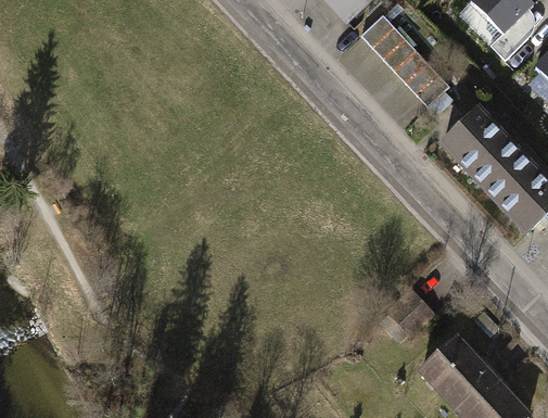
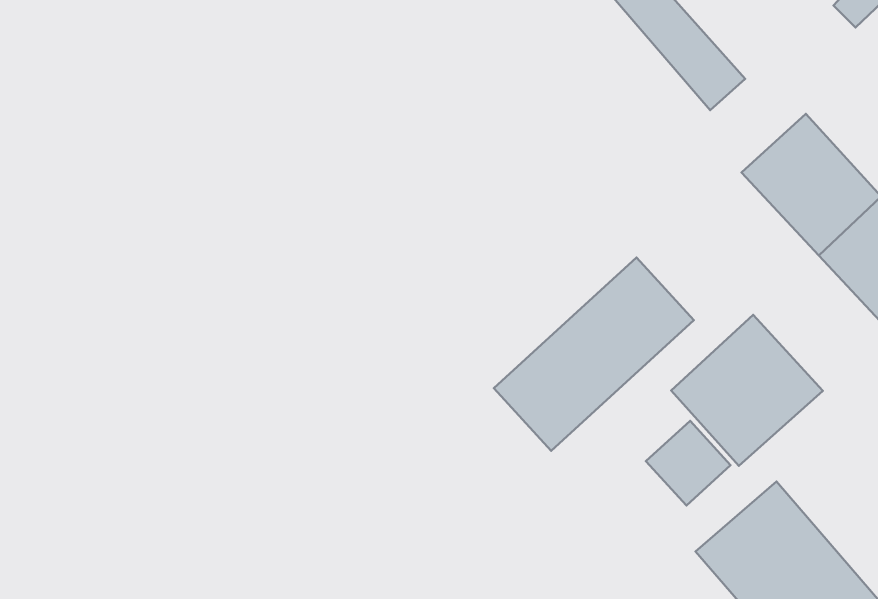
building: none -> [494,257,694,451]
building: none -> [671,315,823,466]

